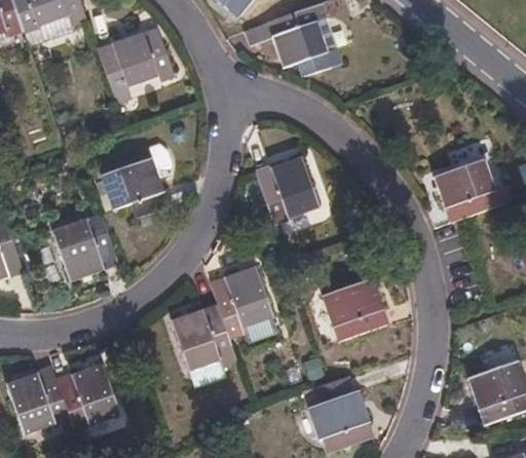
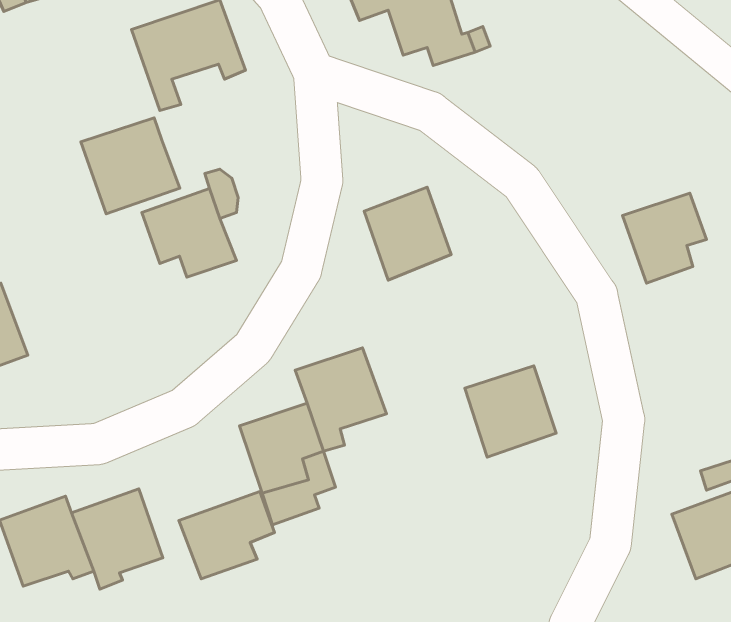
building: [52,215,120,280] -> [81,118,180,214]
building: none -> [179,492,274,579]
building: [311,390,374,448] -> none

